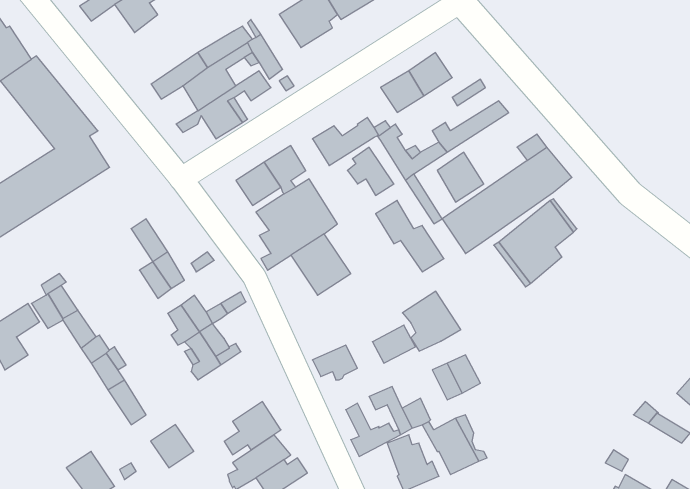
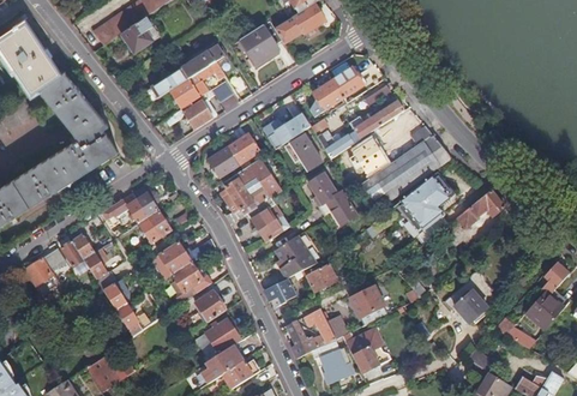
building: none -> [457,191,505,228]
building: none -> [100,194,148,228]
building: [402,291,461,351] -> [275,235,317,278]
building: none -> [444,271,492,323]
building: [151,425,194,468] -> [194,292,226,323]

